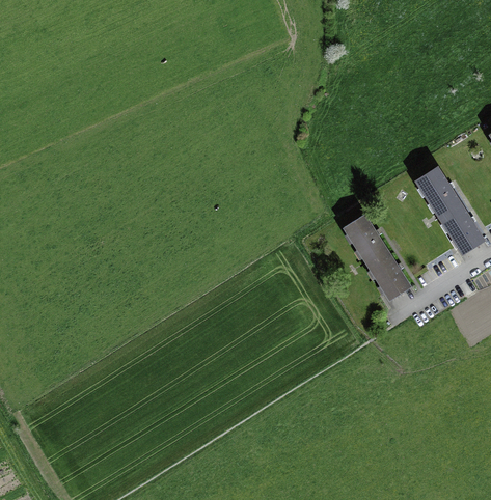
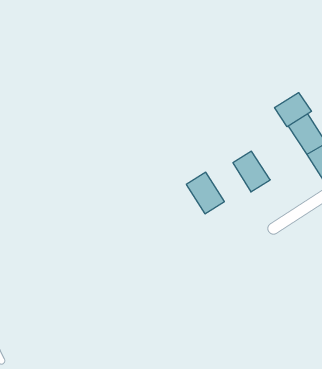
building: none -> [275,93,311,127]
building: [365,250,414,303] -> [186,172,224,214]

